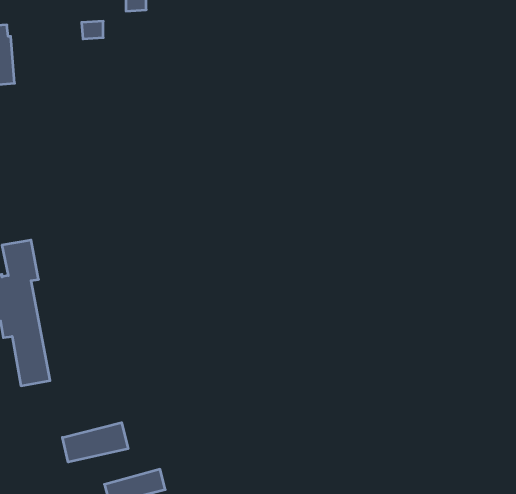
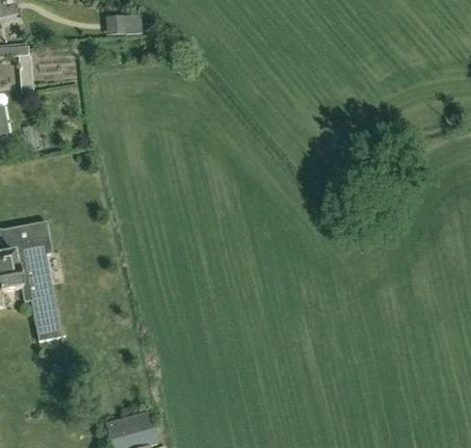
building: [62,423,128,462] -> none

